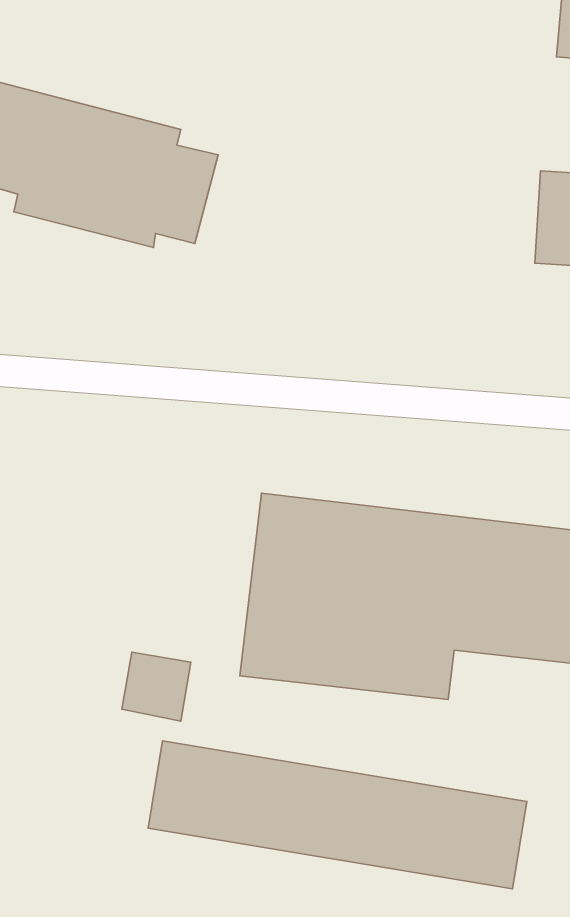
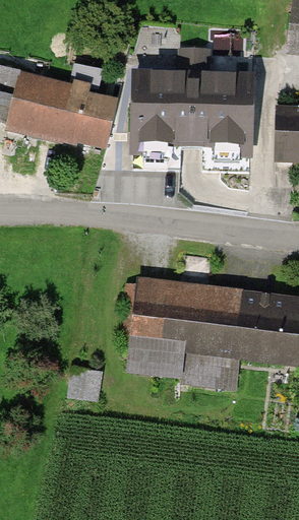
building: none -> [124,46,249,156]
building: [148,741,527,889] -> none

